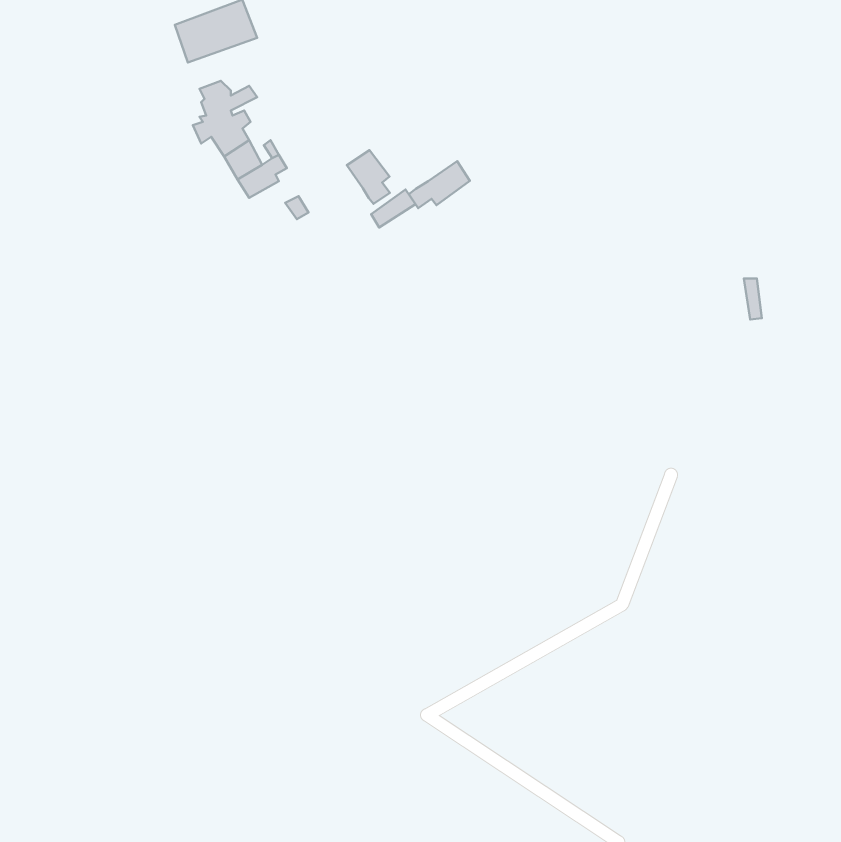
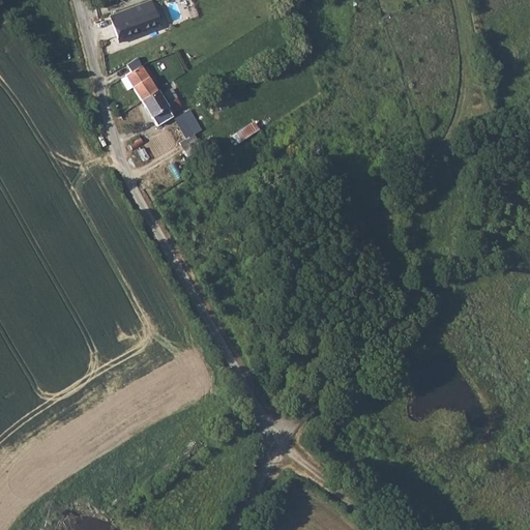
building: [347,150,390,204] -> none
building: [409,161,470,208] -> none

